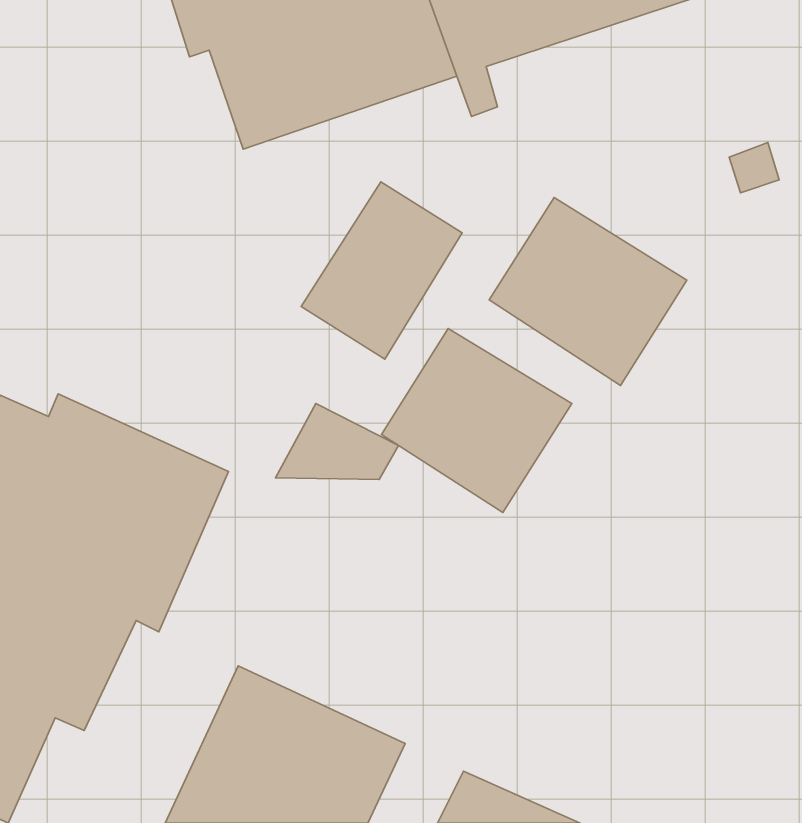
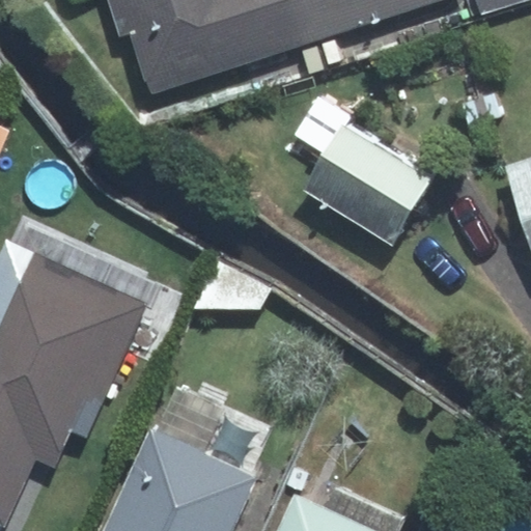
building: [301,182,462,359] -> none
building: [382,329,572,512] -> none

